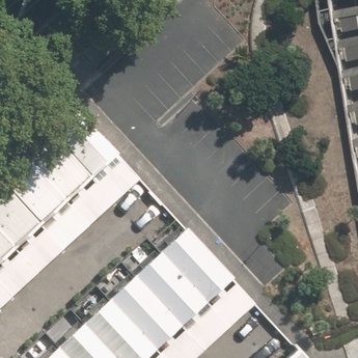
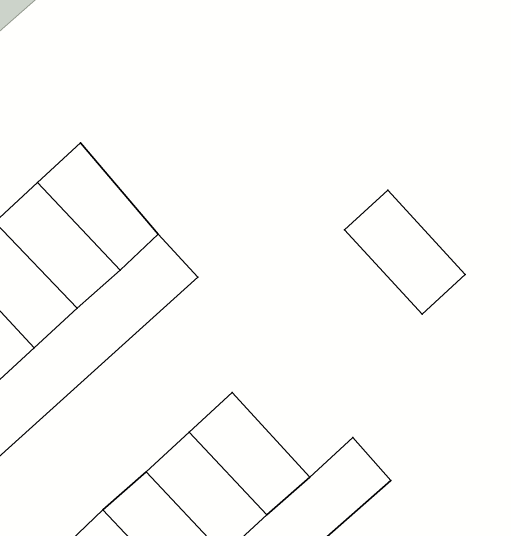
building: [158,228,230,303] -> [345,190,465,314]

